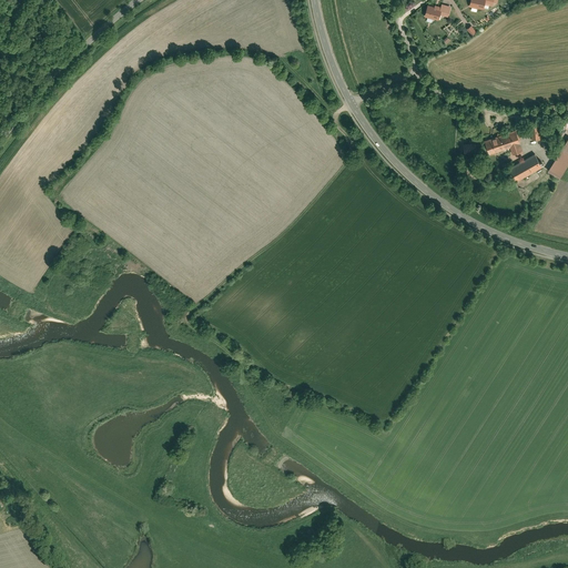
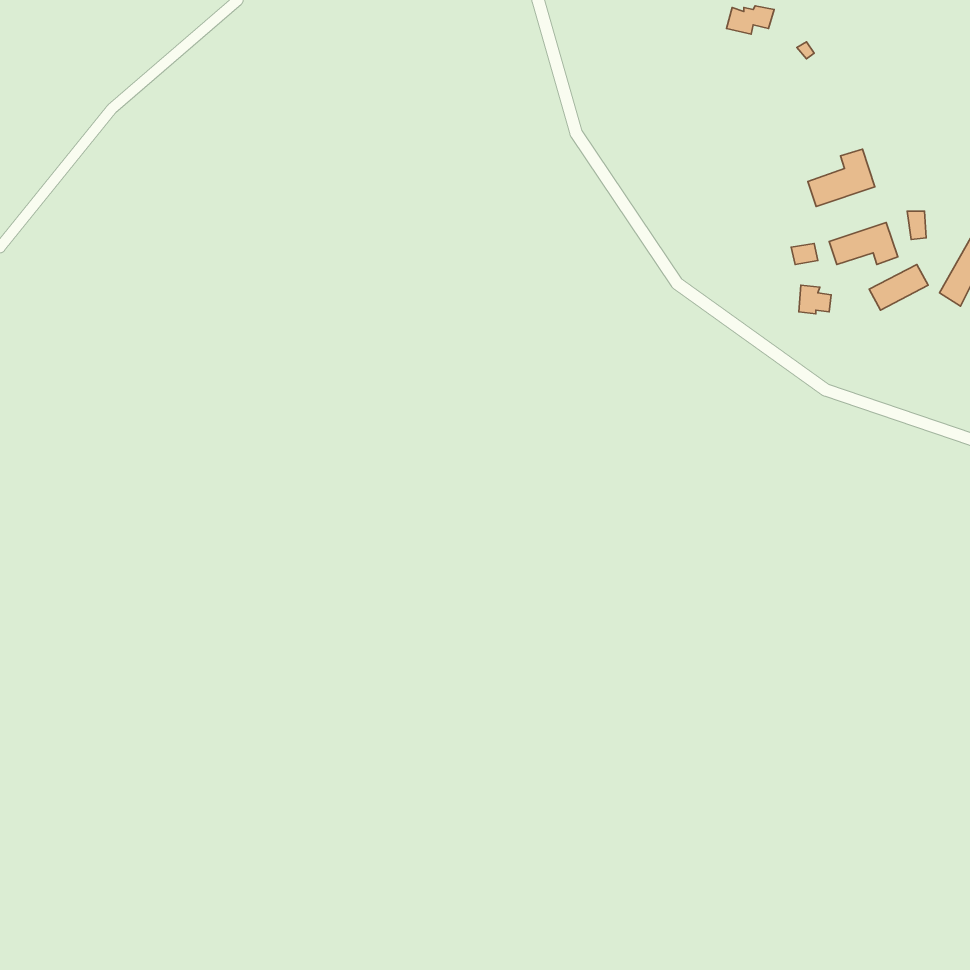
building: none -> [808,149,875,207]

